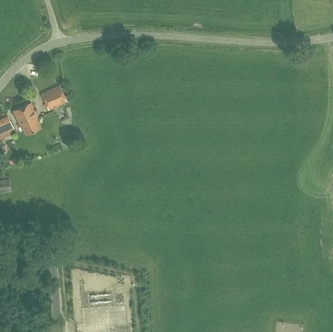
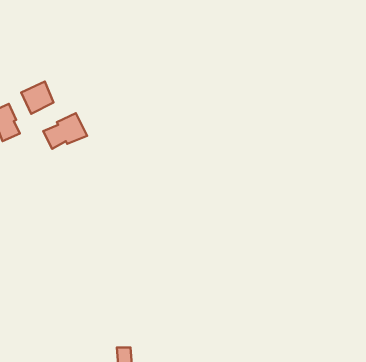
building: none -> [43,113,87,149]

